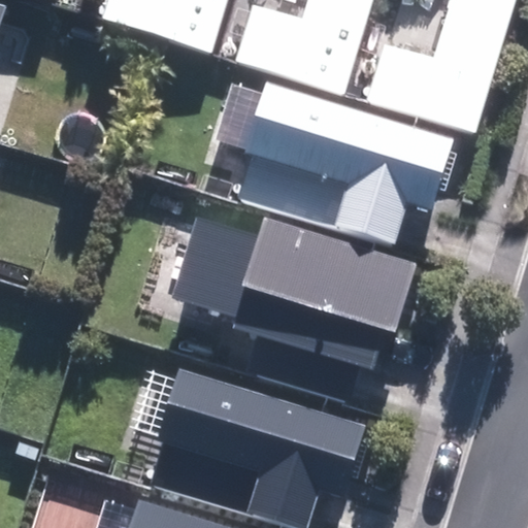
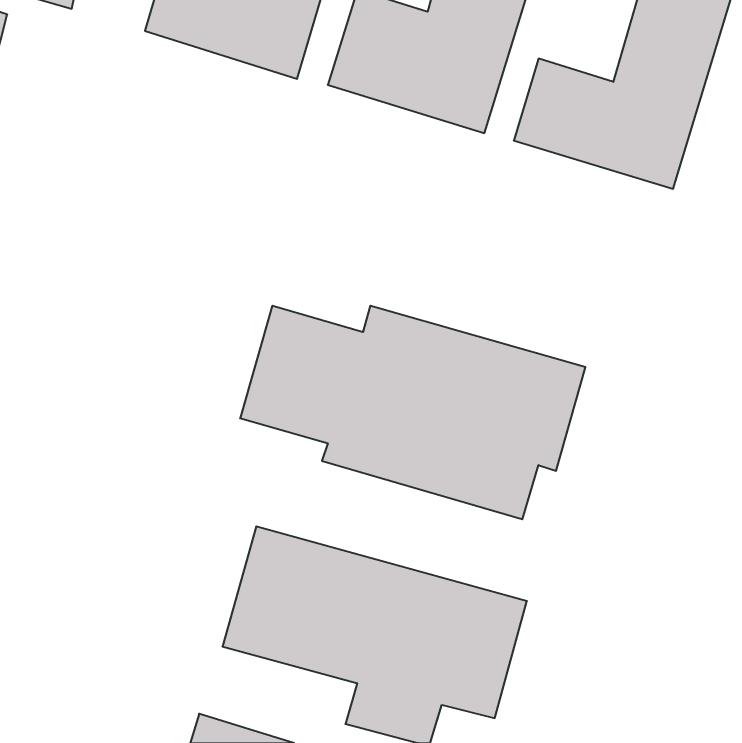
building: [236,79,448,239] -> none

